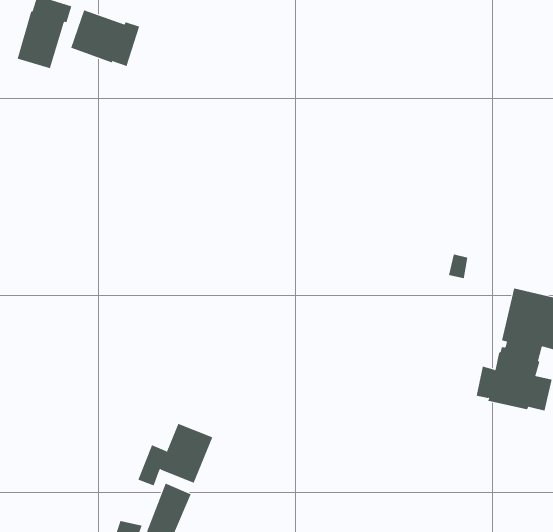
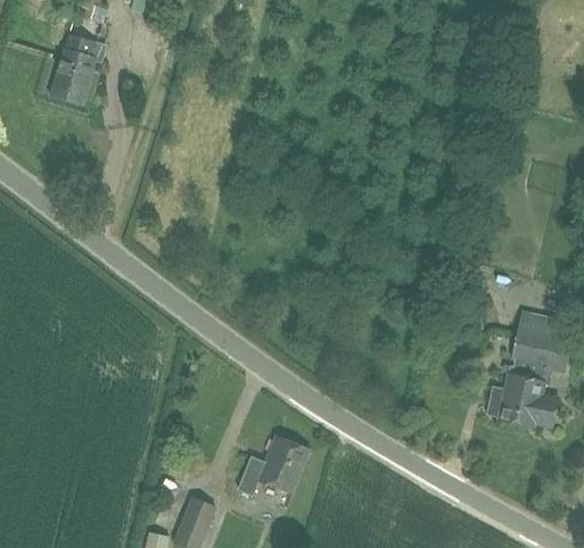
building: [71,10,140,67] -> none
building: [138,423,213,486] -> [238,436,310,496]

